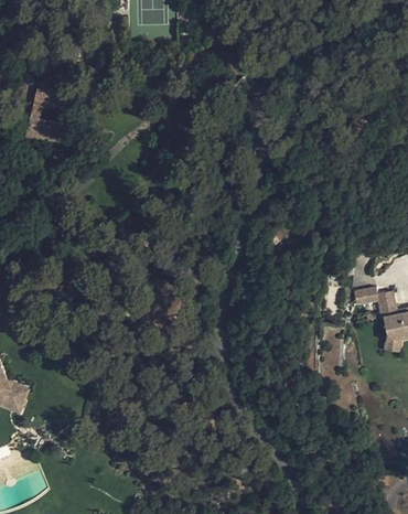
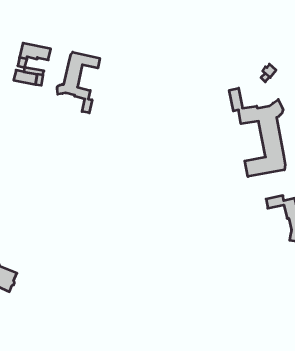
building: none -> [57,52,100,113]
building: none -> [229,88,285,177]

